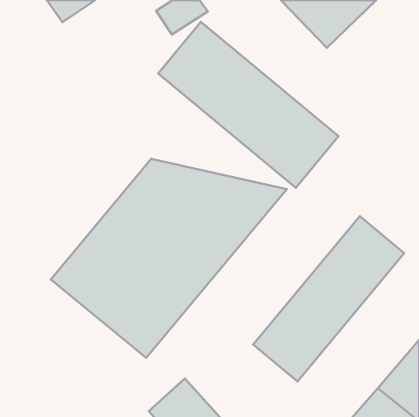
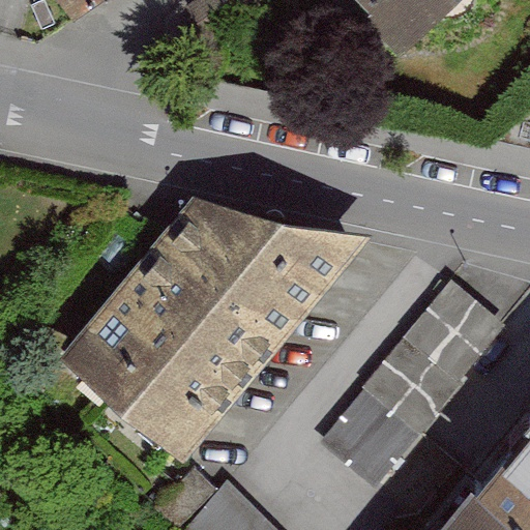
building: [158,22,338,188] -> none

